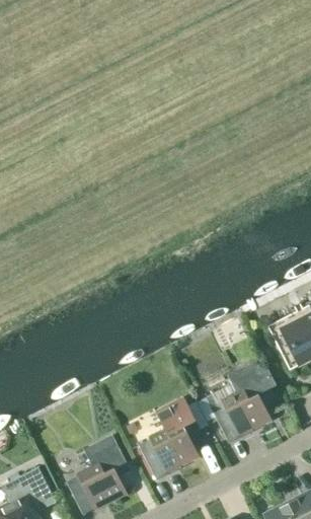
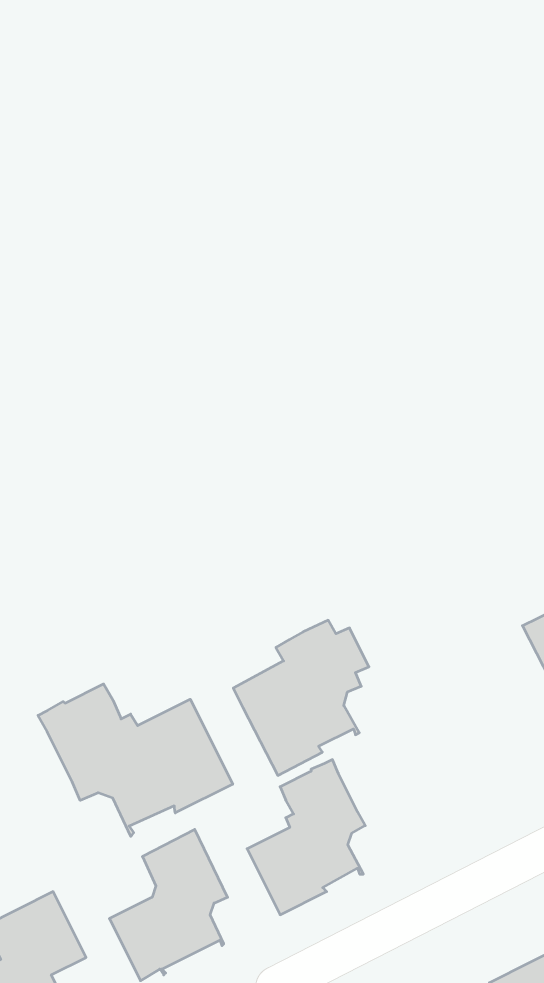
building: none -> [38,684,233,836]
building: [207,362,278,443] -> [233,620,369,775]

